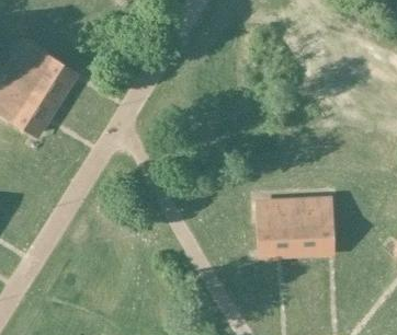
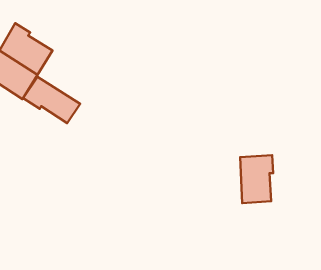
building: none -> [23,77,80,123]
building: [257,201,295,256] -> none

